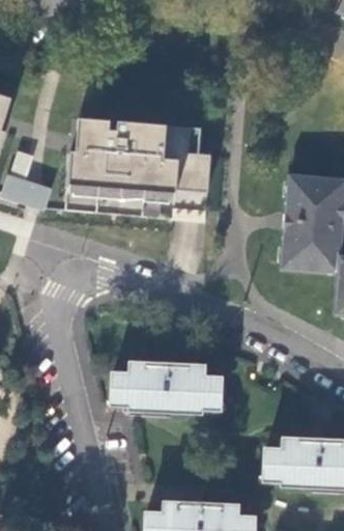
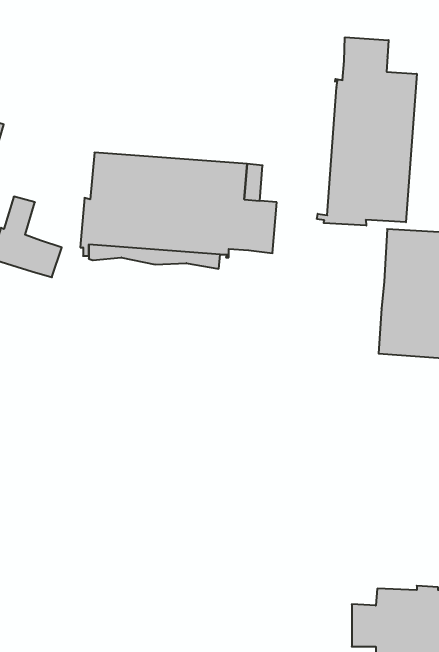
building: none -> [317,37,417,226]
building: [114,362,222,413] -> none

